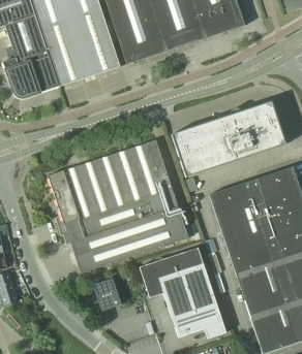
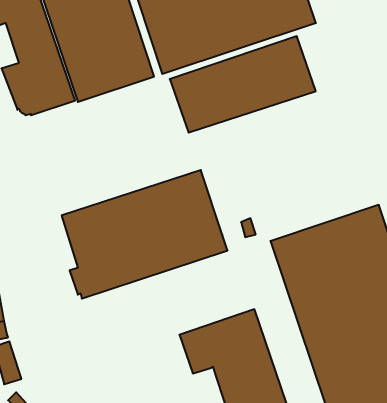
building: [173,100,285,174] -> [170,36,316,133]
building: [64,200,189,271] -> none
building: [93,277,121,308] -> none

